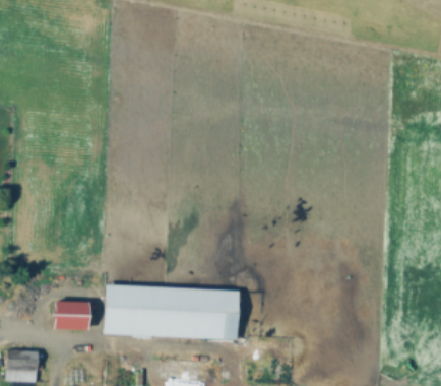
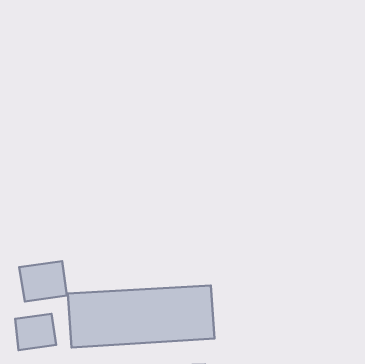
building: none -> [19,261,67,301]

